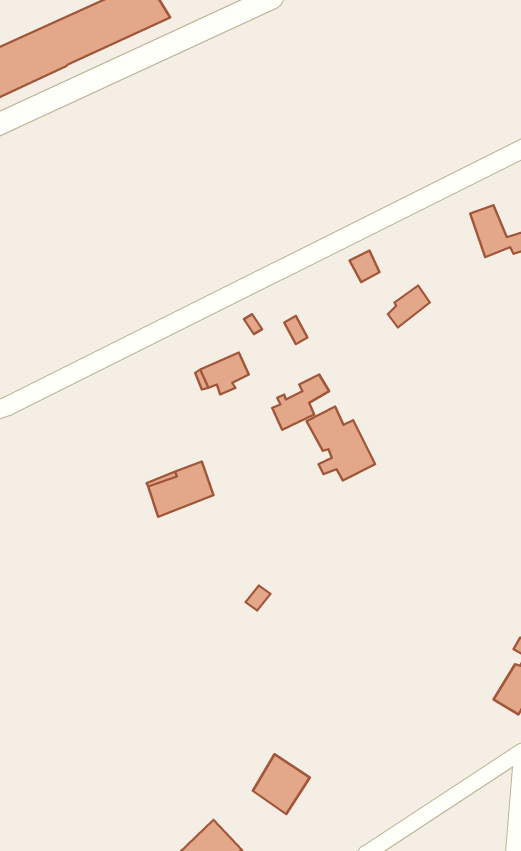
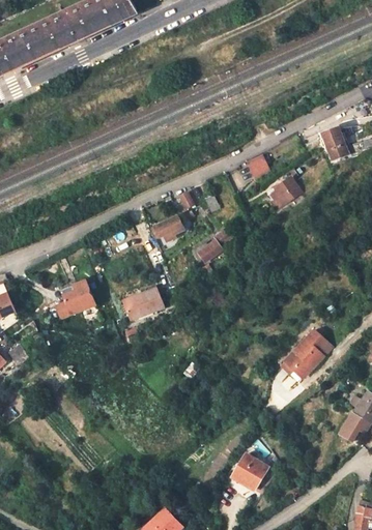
building: [307,406,375,481] -> none
building: none -> [56,284,95,320]
building: none -> [281,329,327,382]
building: [253,754,310,814] -> [232,452,267,490]

